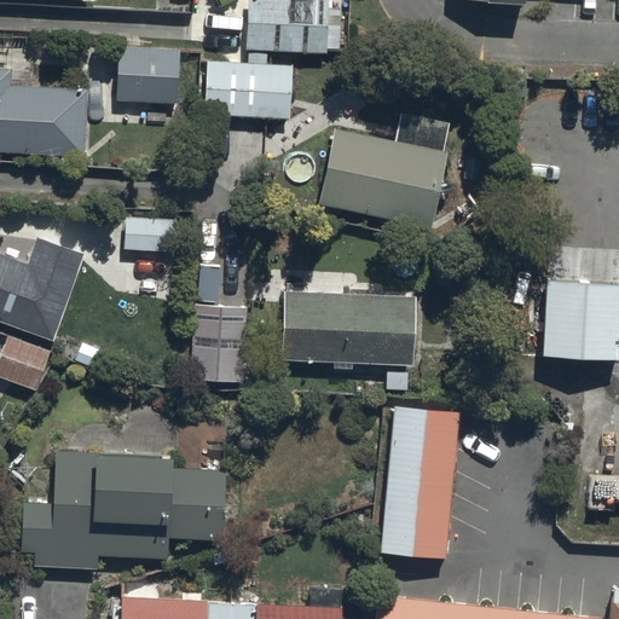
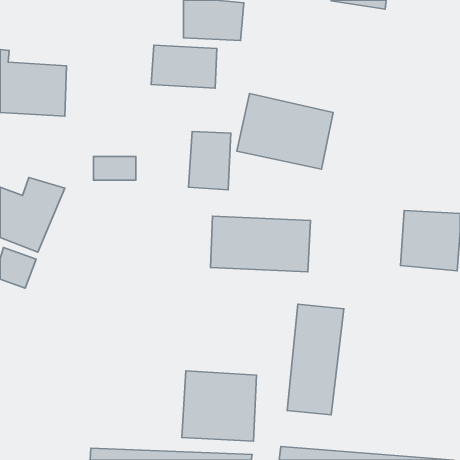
building: [116,47,179,103] -> none
building: [190,303,247,382] -> [189,131,231,190]
building: [22,451,226,568] -> none
building: none -> [182,371,256,441]

